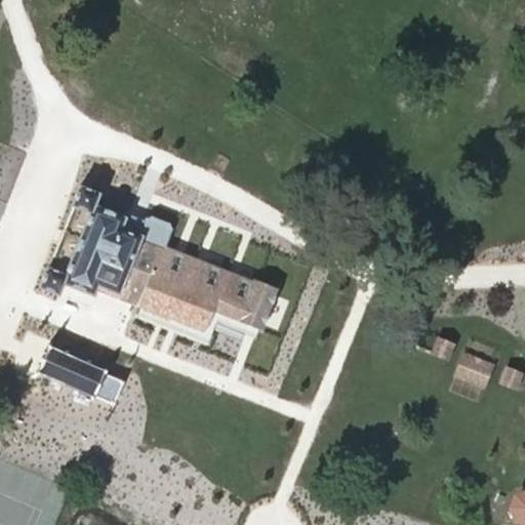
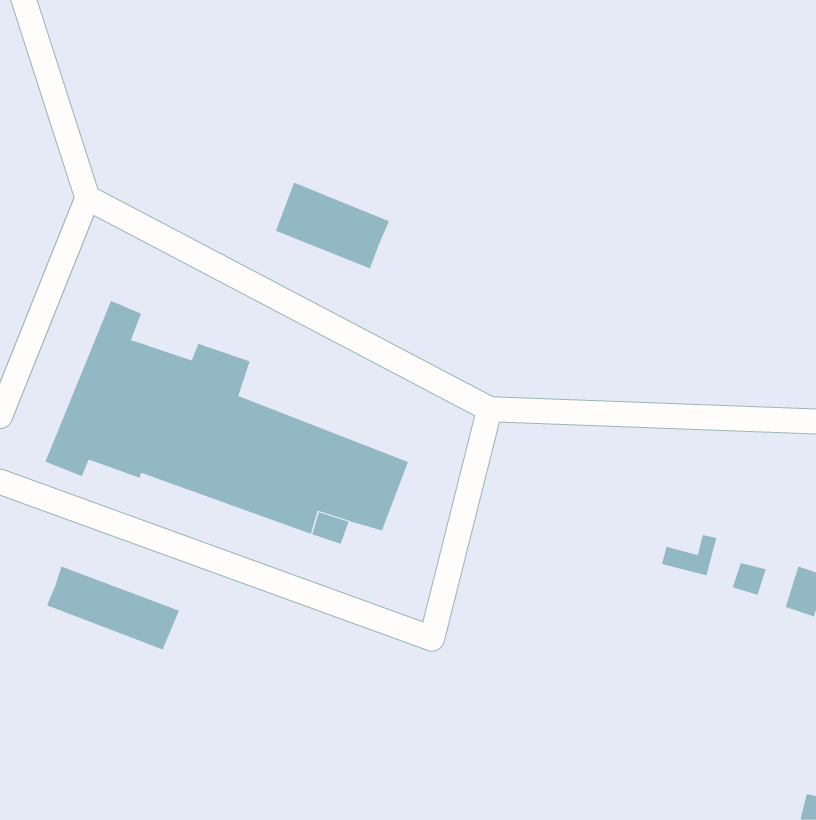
building: none -> [275,182,390,269]

